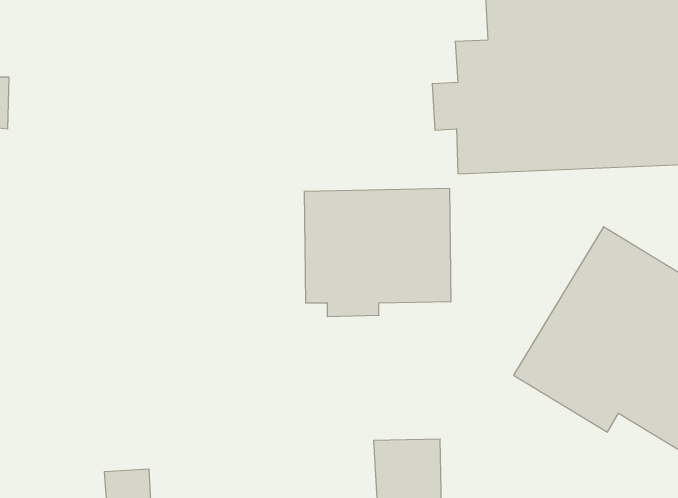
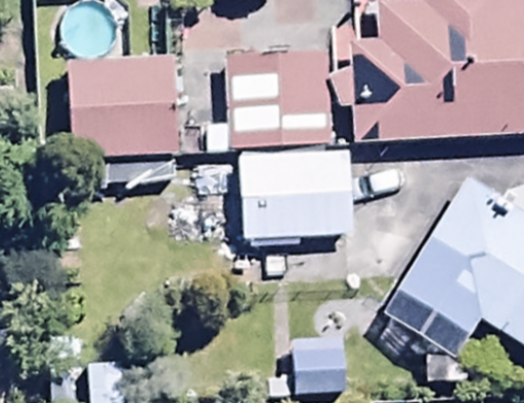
building: none -> [231,49,333,146]
building: none -> [71,60,177,156]

